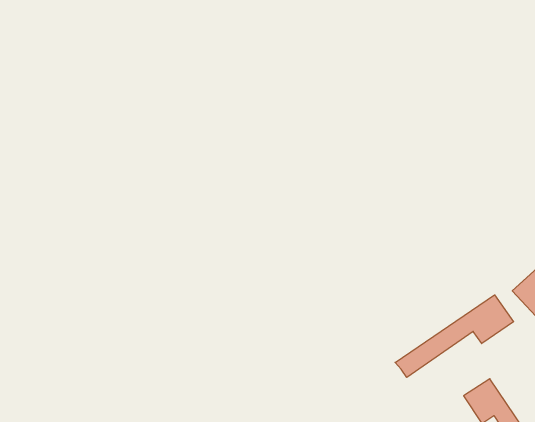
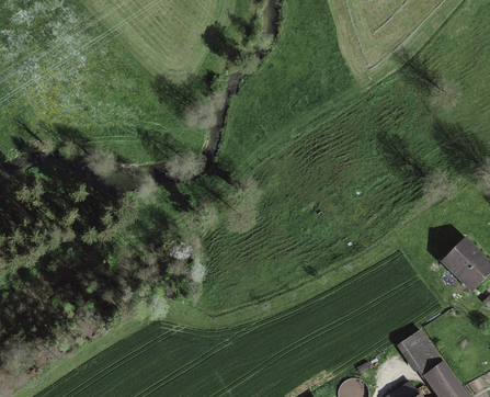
building: [395,295,514,377] -> none

